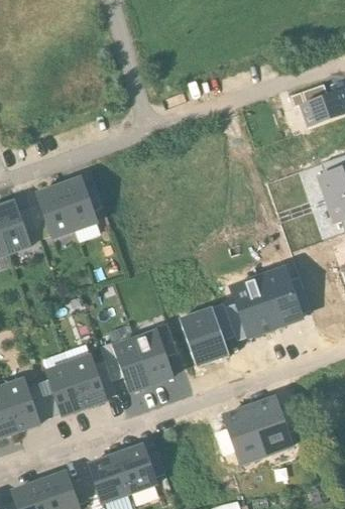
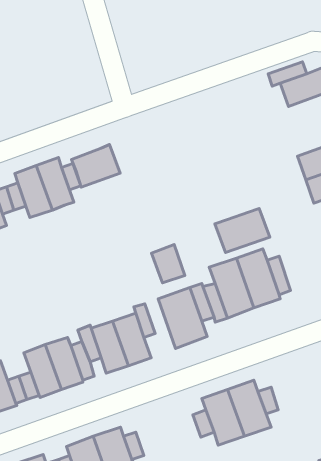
building: none -> [72,144,120,187]
building: none -> [215,208,270,253]
building: none -> [151,245,185,283]

